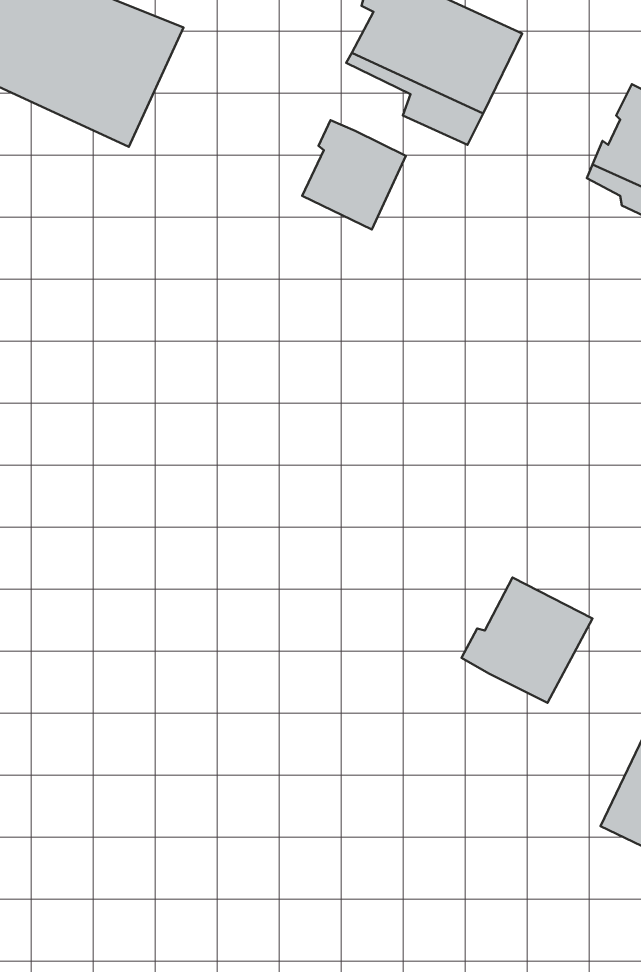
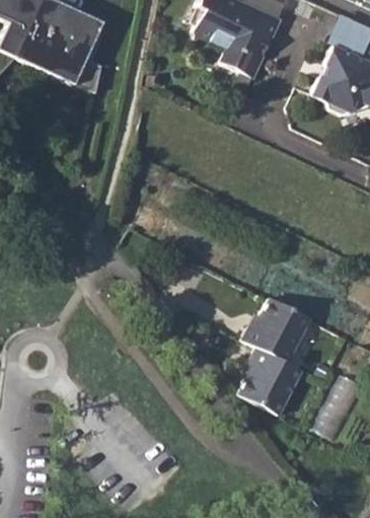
building: [302,120,406,229] -> none
building: none -> [241,350,303,417]

